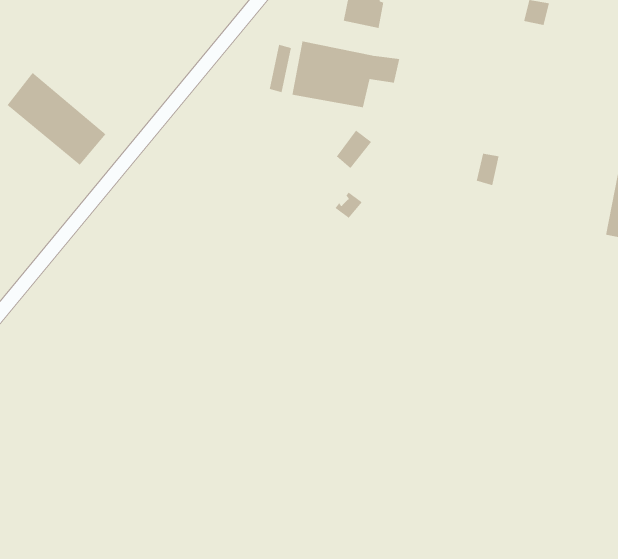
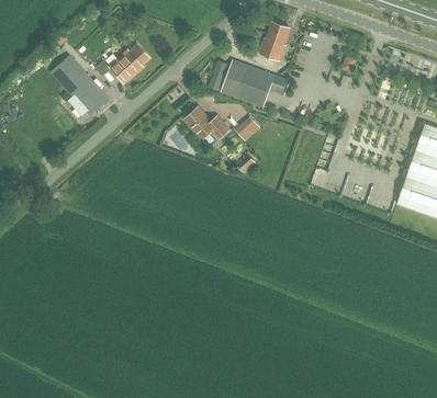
building: none -> [108,43,149,83]
building: none -> [184,106,229,138]

